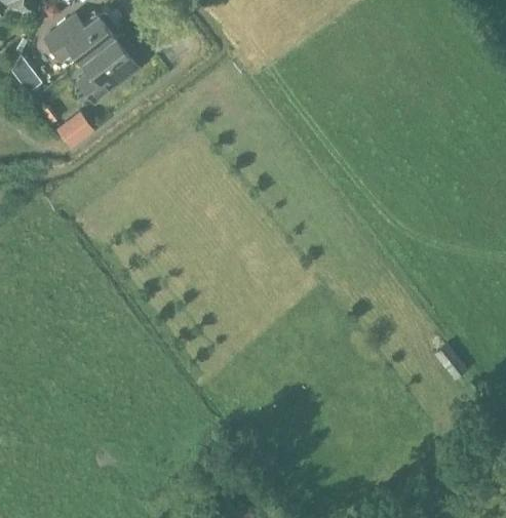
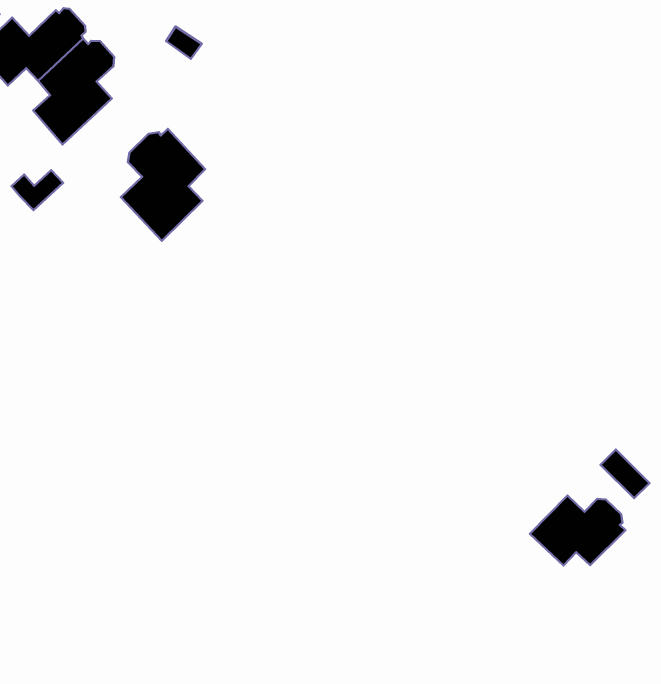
building: none -> [121,129,205,241]
building: none -> [530,496,625,565]

